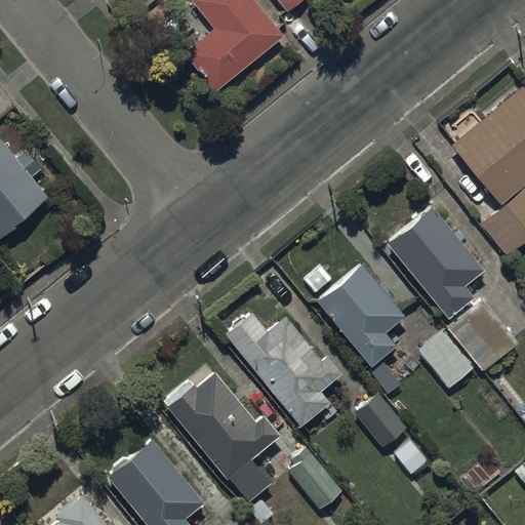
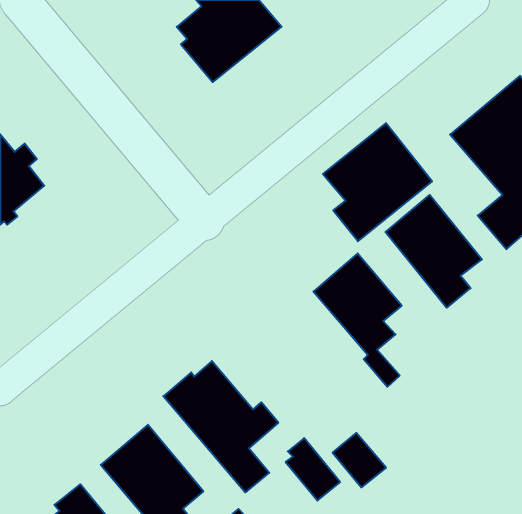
building: none -> [323,123,432,241]
building: [421,304,517,391] -> none
building: [225,312,342,425] -> none
building: [355,395,408,449] -> [333,433,386,487]

